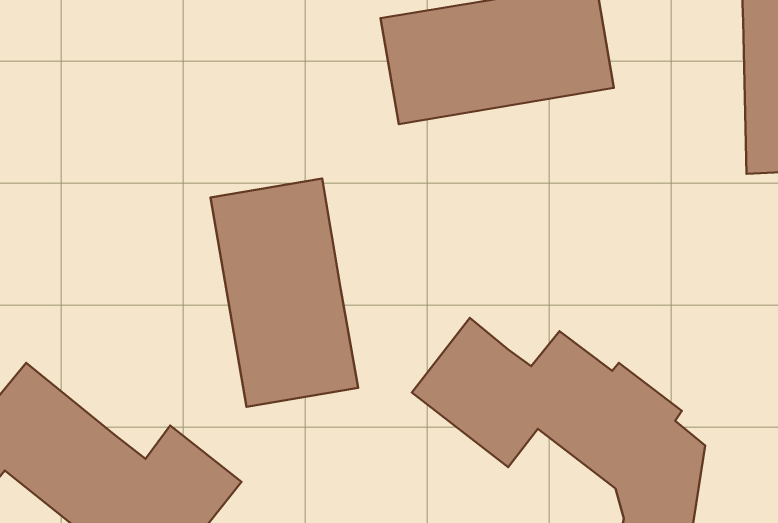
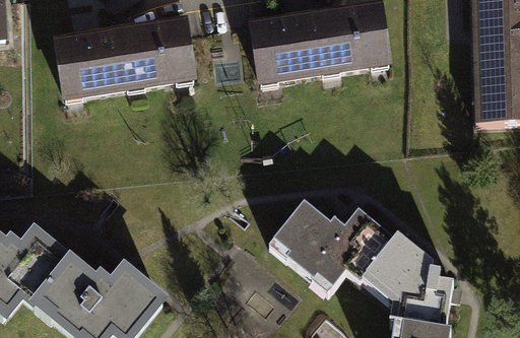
building: none -> [52,13,199,102]
building: [211,179,358,407] -> none

